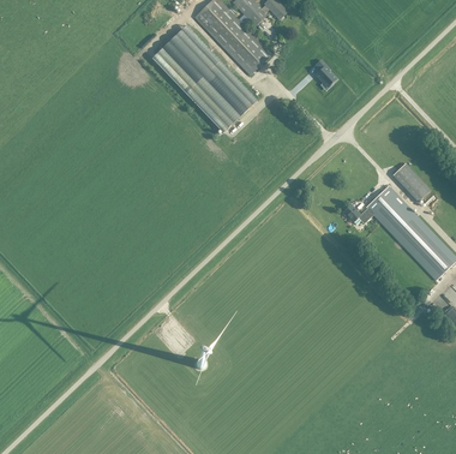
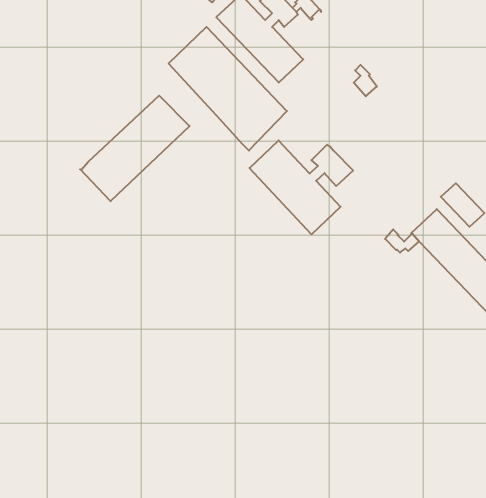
building: none -> [80,96,190,201]
building: none -> [249,140,353,234]

